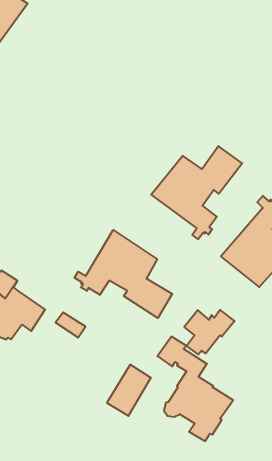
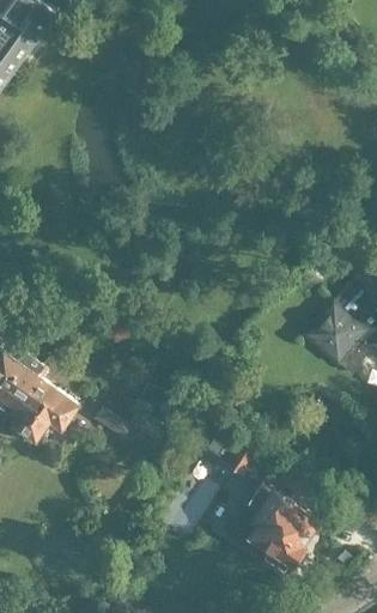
building: [151,146,242,239] -> none
building: [74,230,172,318] -> none
building: [184,310,235,355] -> none

